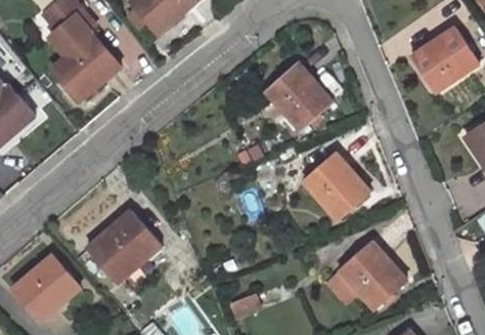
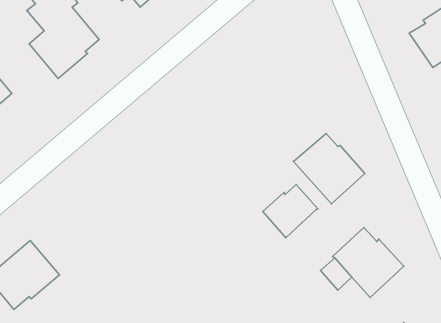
building: [264,65,332,131] -> none
building: none -> [263,185,318,238]
building: [86,210,159,283] -> none

